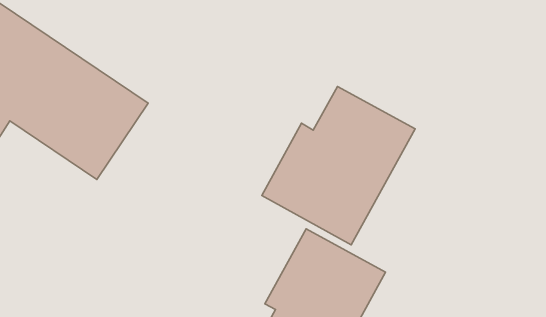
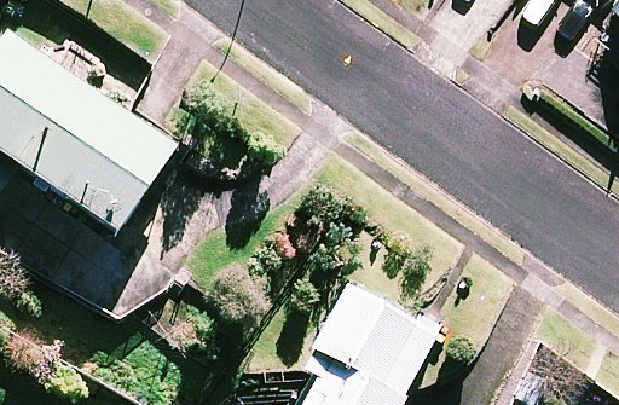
building: [262,86,415,245] -> none

